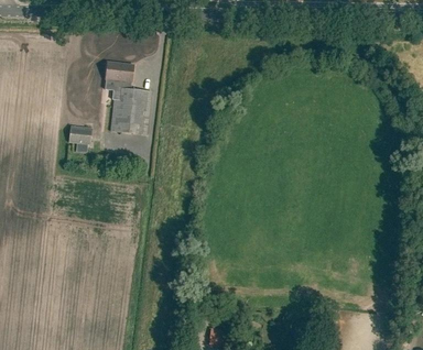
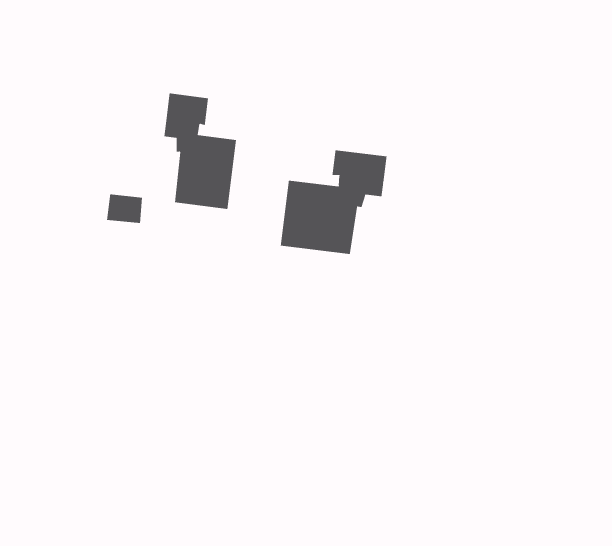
building: none -> [280,149,387,255]

